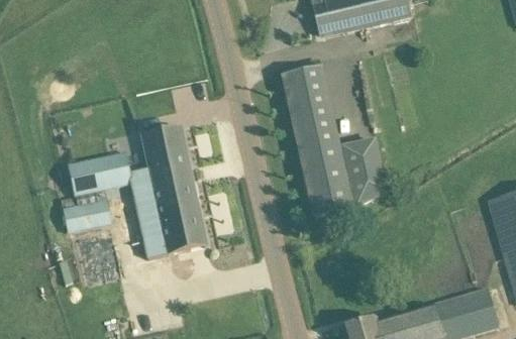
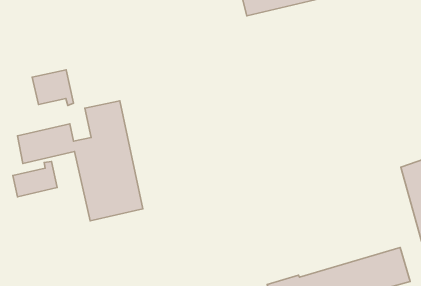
building: [283,67,388,218] -> none
building: none -> [32,70,74,106]

